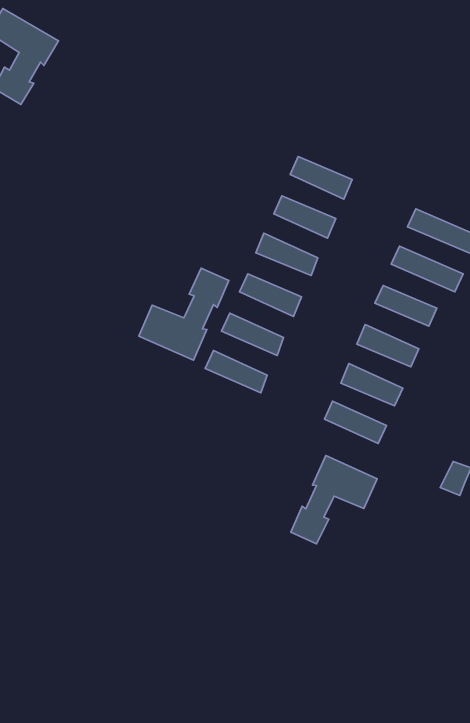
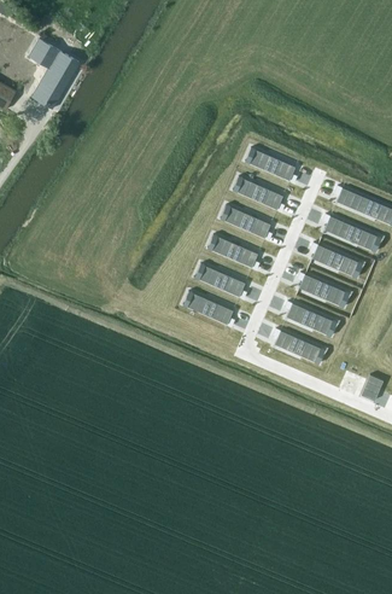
building: [139,268,229,360] -> none
building: [291,455,377,544] -> none

